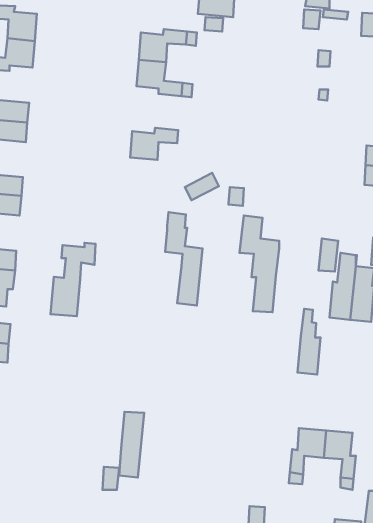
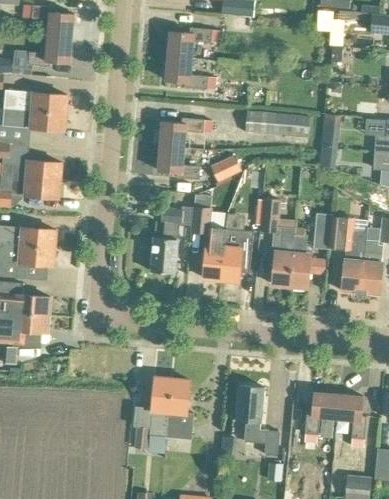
building: none -> [245,111,309,138]
building: none -> [320,114,340,148]
building: none -> [157,145,199,179]
building: none -> [312,214,332,250]
building: [51,243,95,316] -> [150,206,191,273]
building: none -> [220,228,253,282]
building: [298,309,321,375] -> [289,228,310,288]
building: none -> [166,378,194,439]
building: none -> [235,385,279,455]

